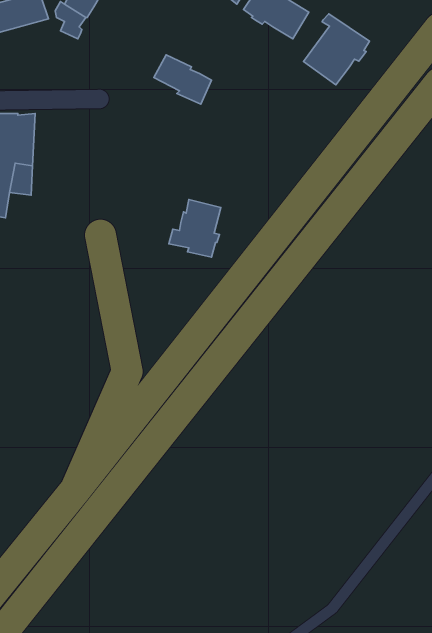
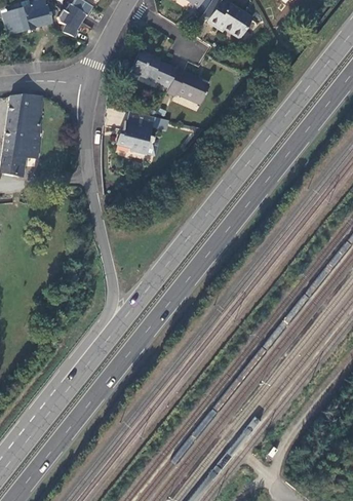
building: [304,14,370,85] -> none
building: none -> [166,70,208,106]
building: [169,200,221,257] -> [114,110,154,154]

